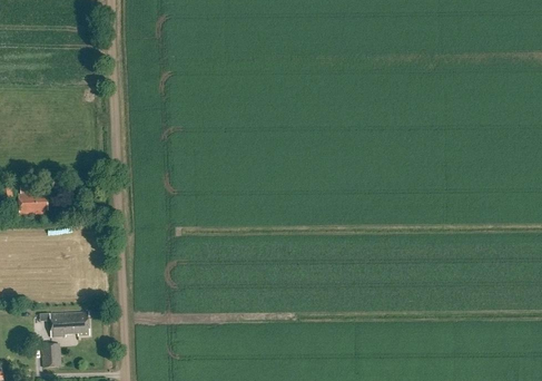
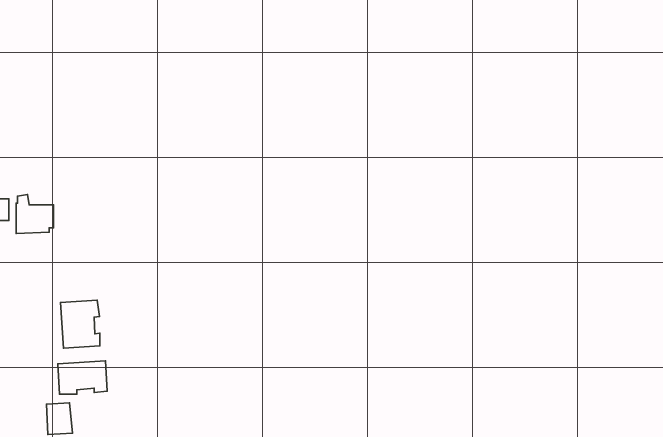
building: none -> [61,300,100,348]

